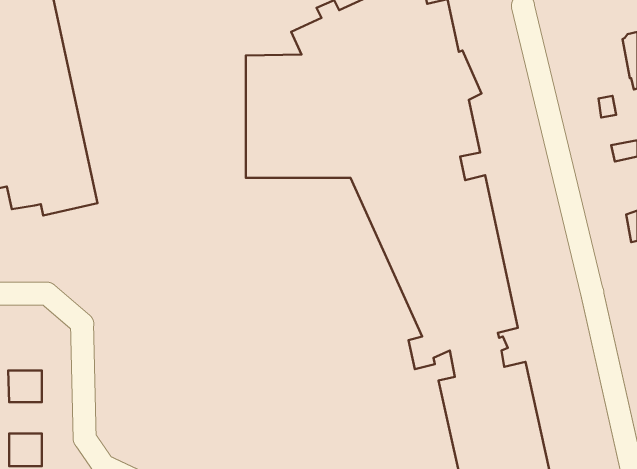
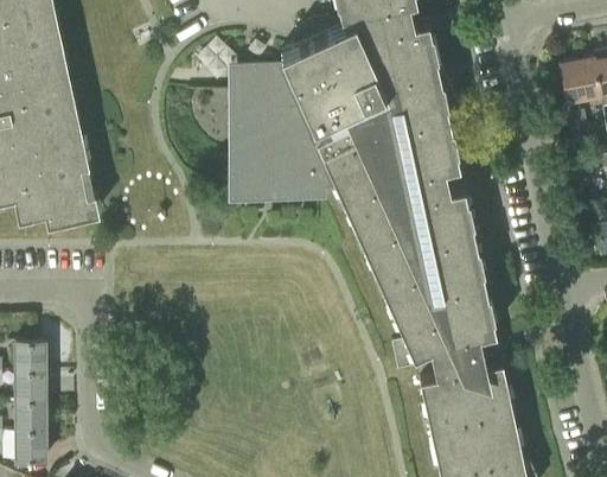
building: none -> [560,59,599,102]
building: none -> [13,342,45,371]
building: none -> [14,401,45,431]

